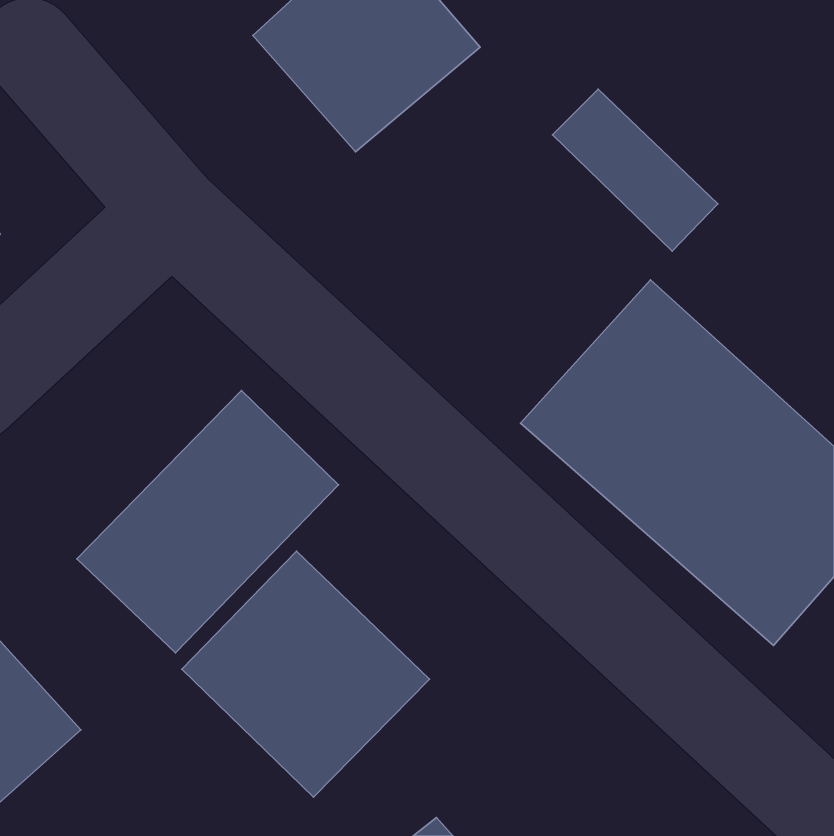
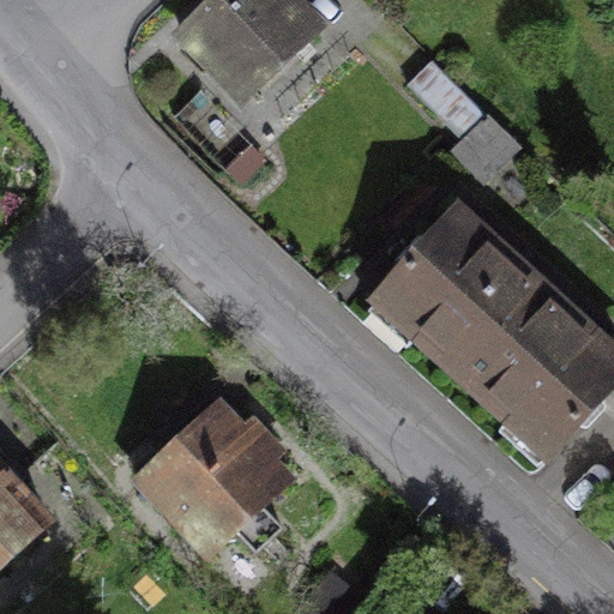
building: [77,391,338,653] -> none

